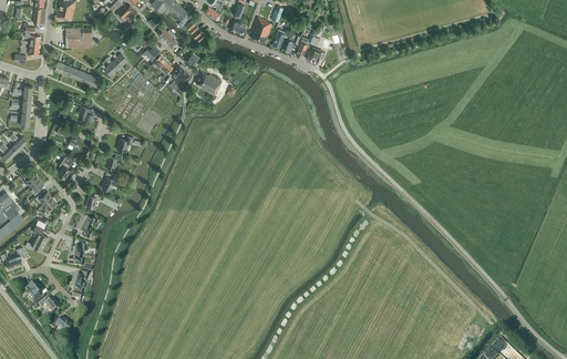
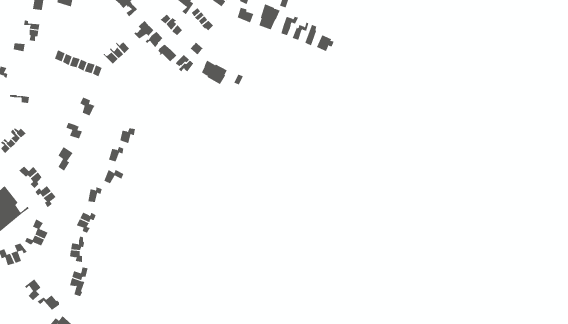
building: [65,28,92,48] -> none

